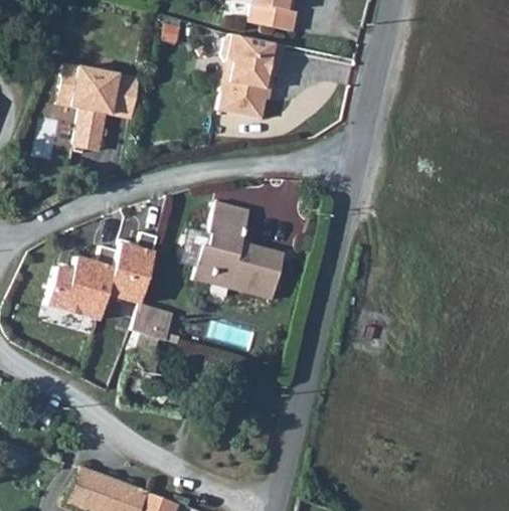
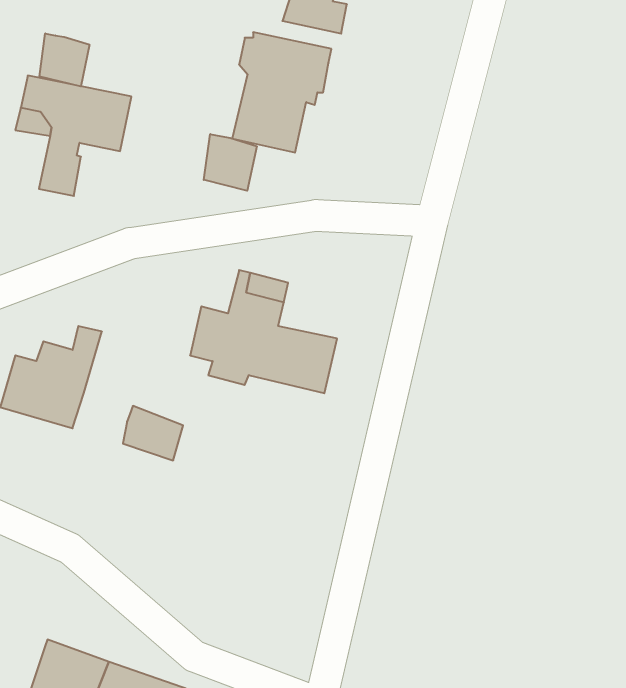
building: none -> [40,33,89,86]
building: none -> [204,134,257,191]
building: [107,229,161,301] -> none

